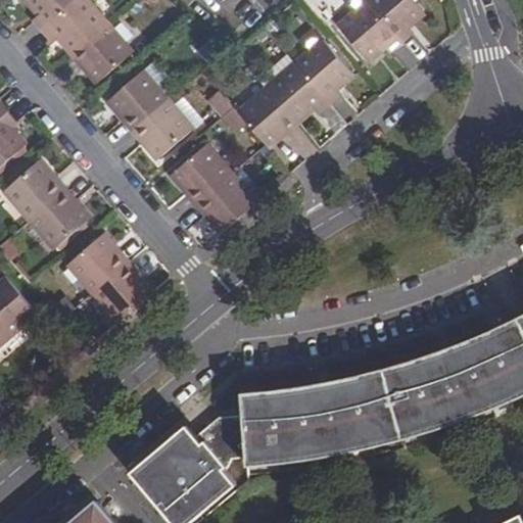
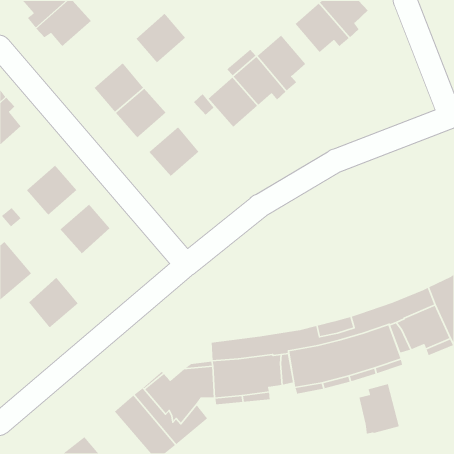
building: [72,25,130,83] -> [135,13,186,64]
building: [4,160,63,219] -> none
building: [196,175,254,233] -> none
building: [94,263,152,322] -> [28,277,79,328]
building: none -> [359,383,400,435]

